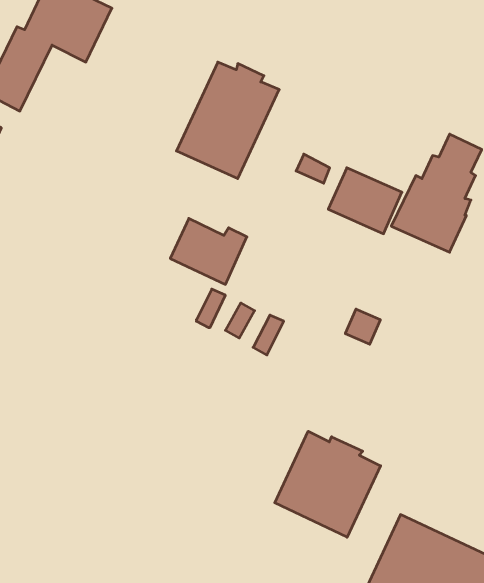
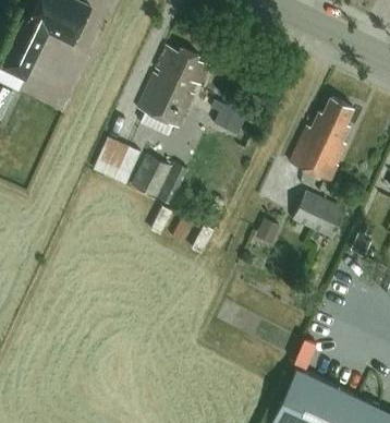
building: [328,168,402,234] -> [292,192,344,239]
building: none -> [96,135,144,182]
building: [275,431,381,537] -> none

